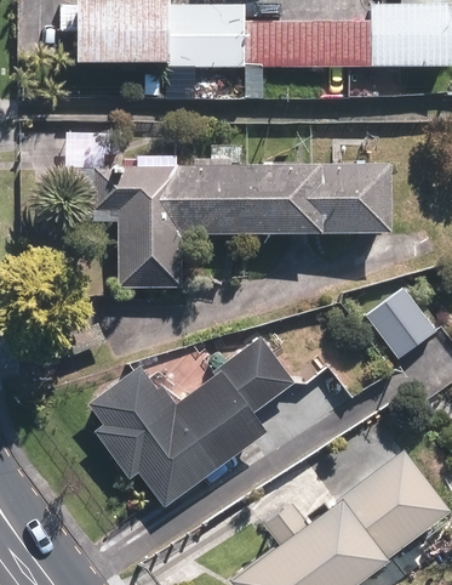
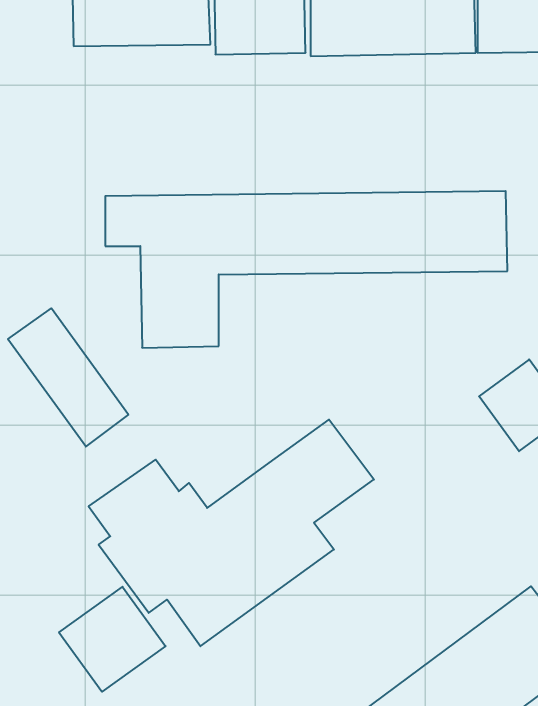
building: none -> [8,308,128,447]
building: none -> [59,587,166,692]

